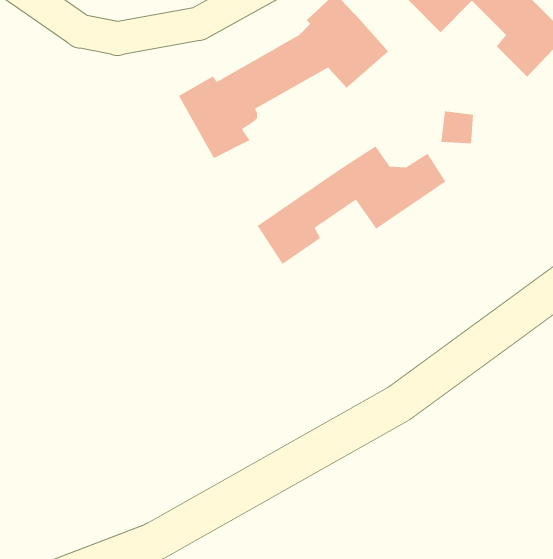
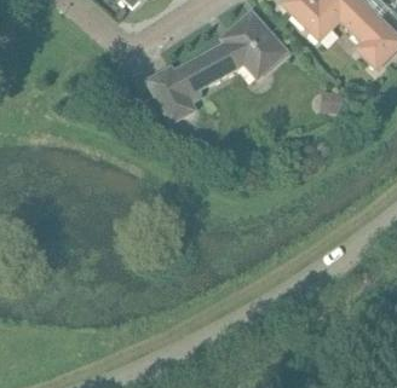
building: [257,145,446,265] -> none

